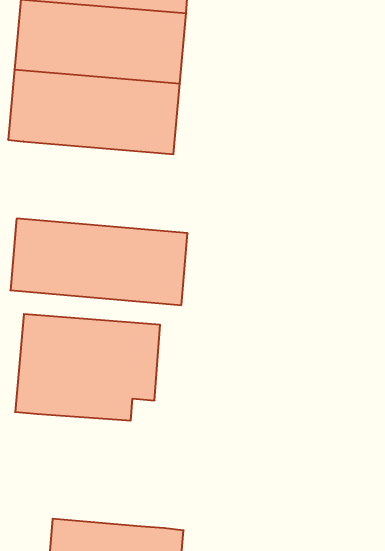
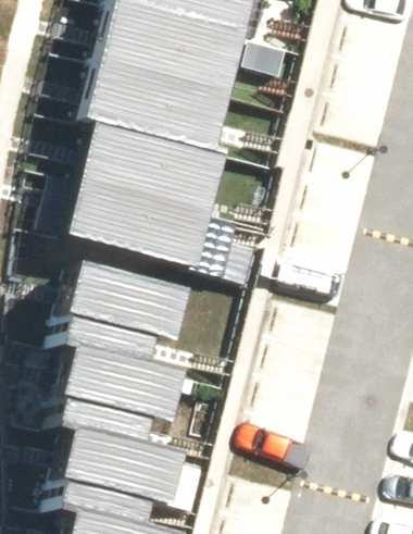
building: none -> [82,116,231,211]
building: none -> [52,336,180,439]

